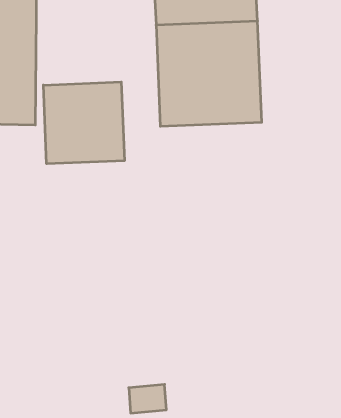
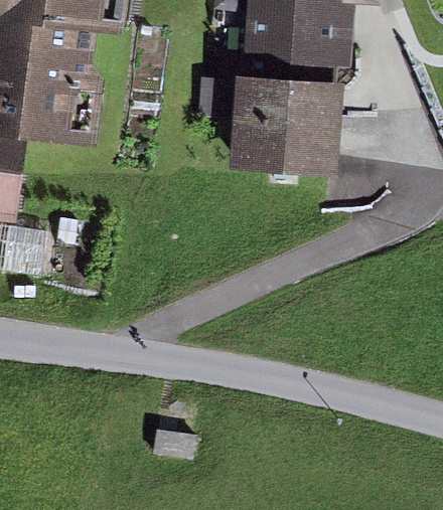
building: [43,82,124,164] -> none

